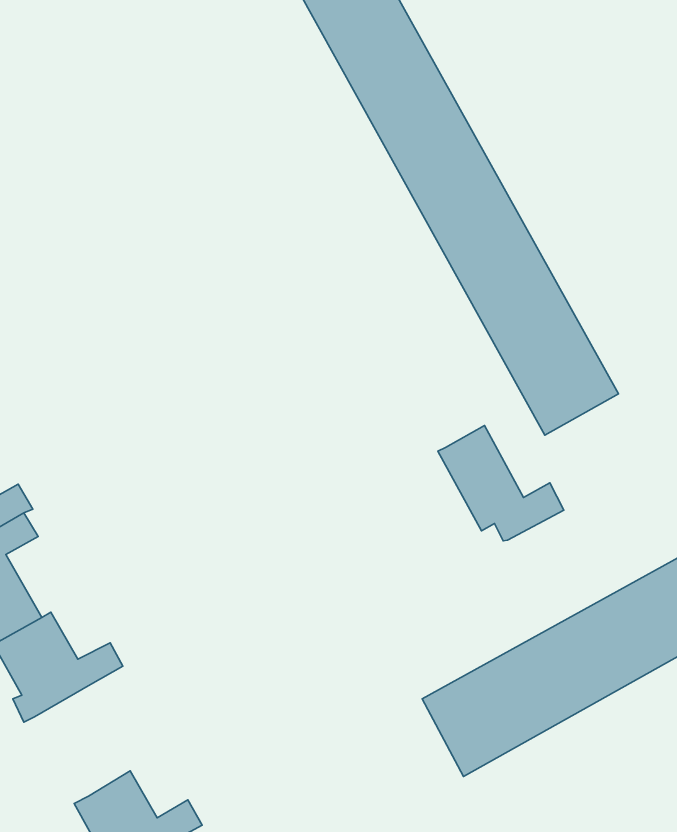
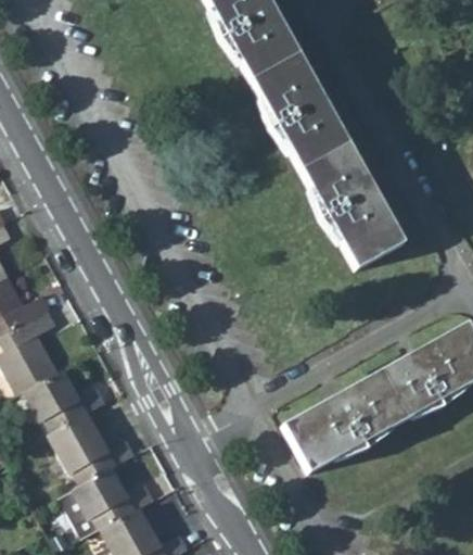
building: [438,425,564,541] -> none
building: none -> [51,416,133,483]

